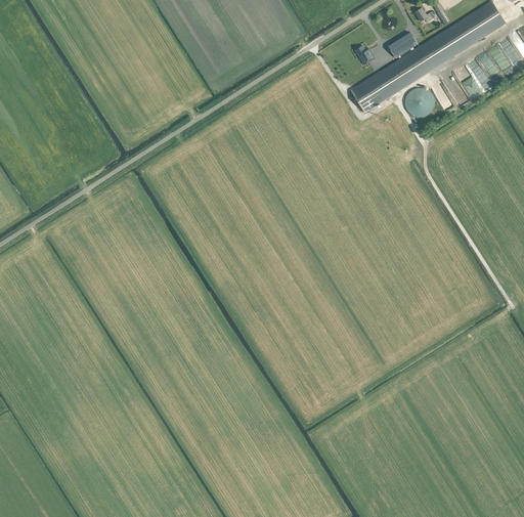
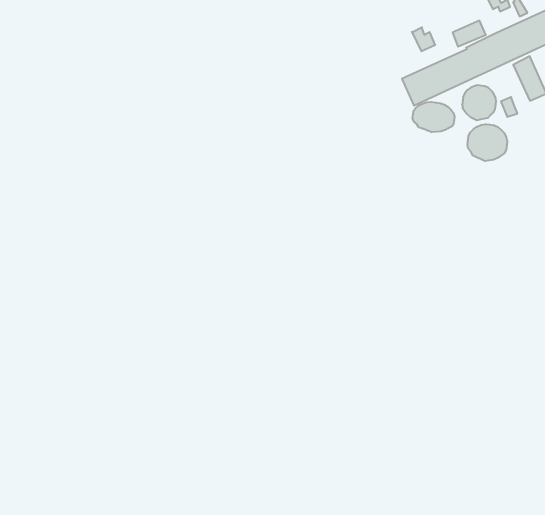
building: none -> [413,102,455,132]
building: none -> [467,124,507,161]

